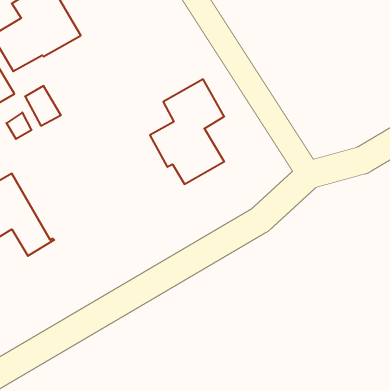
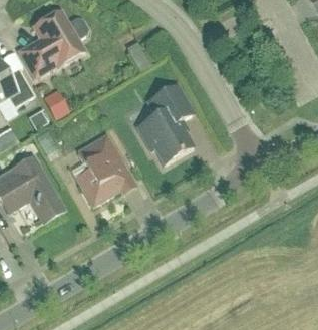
building: none -> [74,133,133,205]

